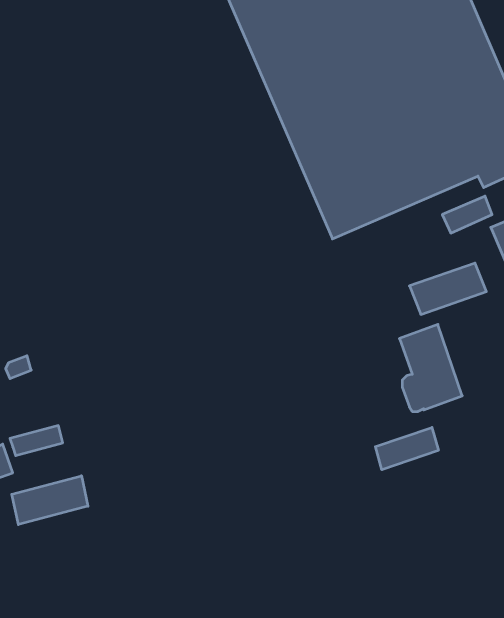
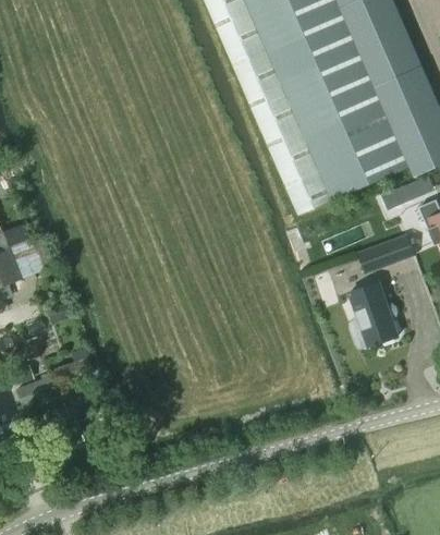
building: [375,427,438,470] -> none
building: [12,476,88,525] -> none

